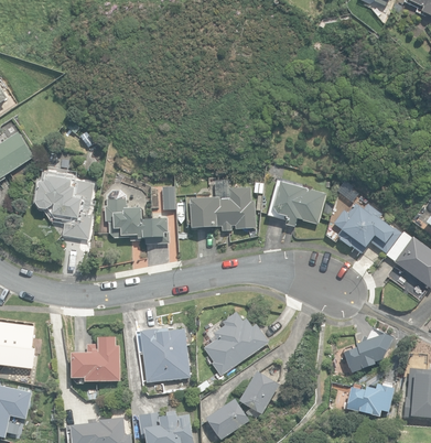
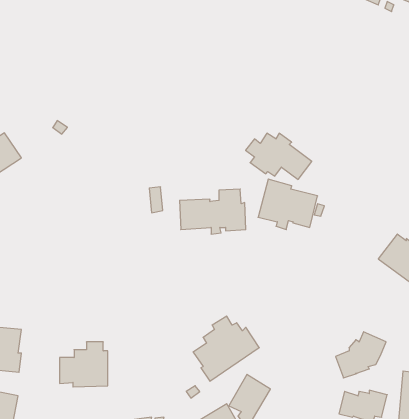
building: [35,170,93,239] -> none
building: [104,198,170,245] -> none
building: [334,206,399,251] -> [246,133,312,179]
building: [140,327,188,381] -> none

